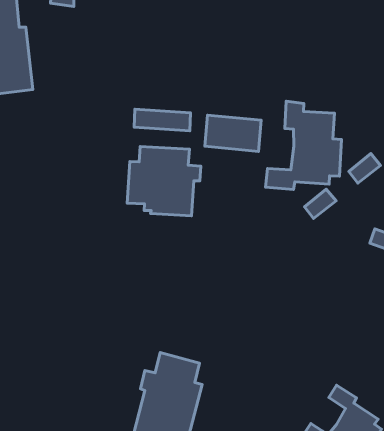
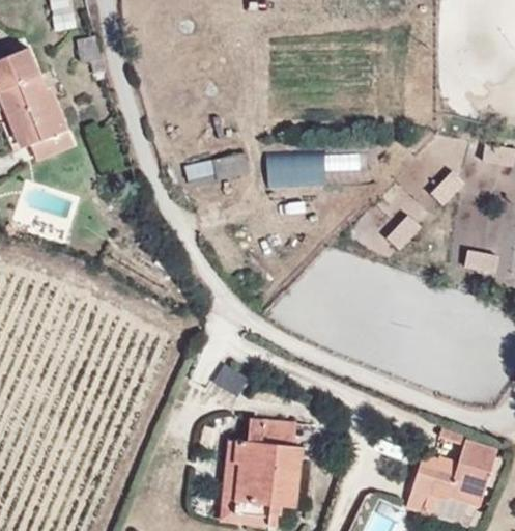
building: [266,101,341,190] -> none
building: [127,147,201,216] -> none

